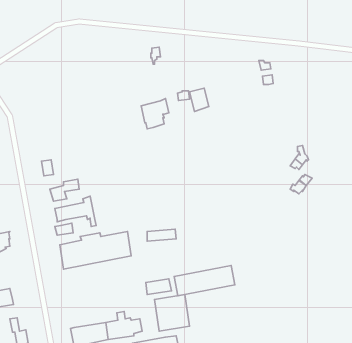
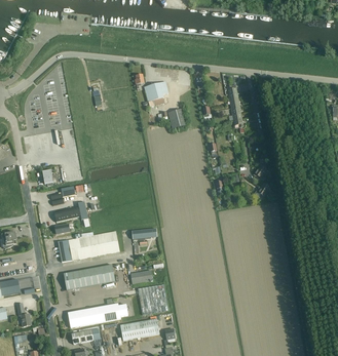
building: [141,98,169,129] -> [145,80,168,106]
building: [174,265,235,296] -> [64,264,115,289]

